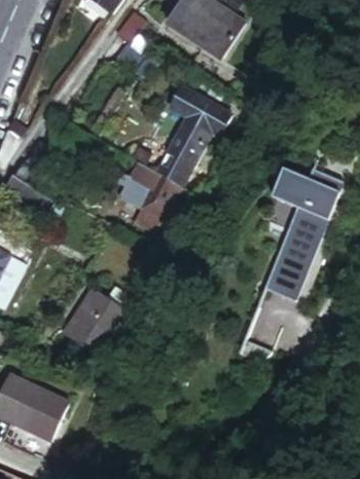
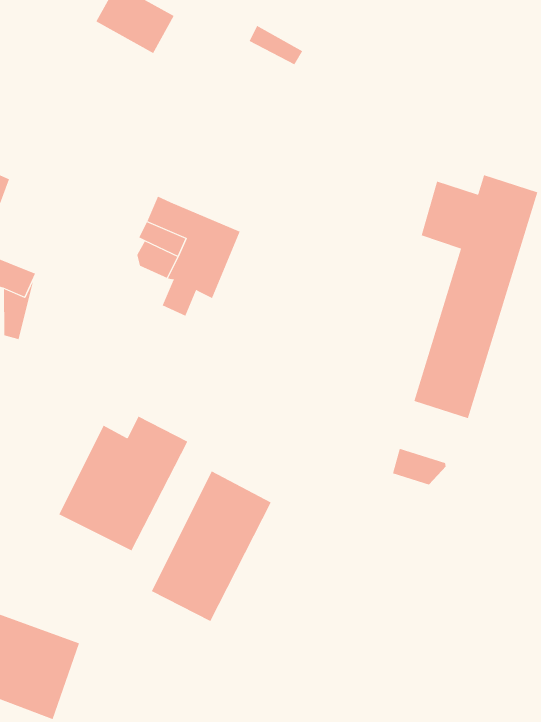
building: [143,84,232,186] -> none
building: none -> [151,470,272,622]

